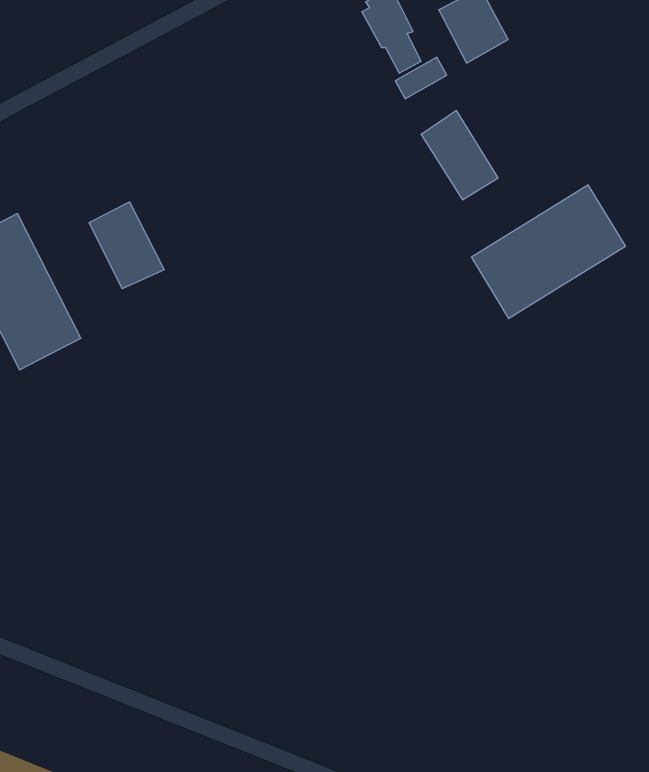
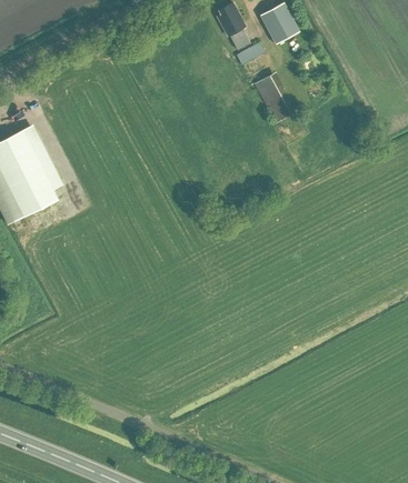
building: [471,185,625,319] -> none
building: [89,202,164,289] -> none

